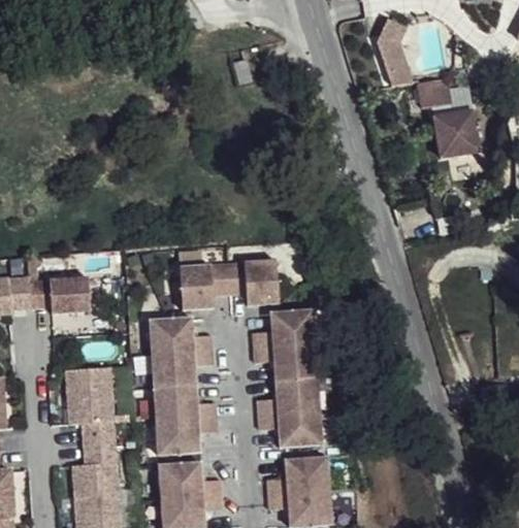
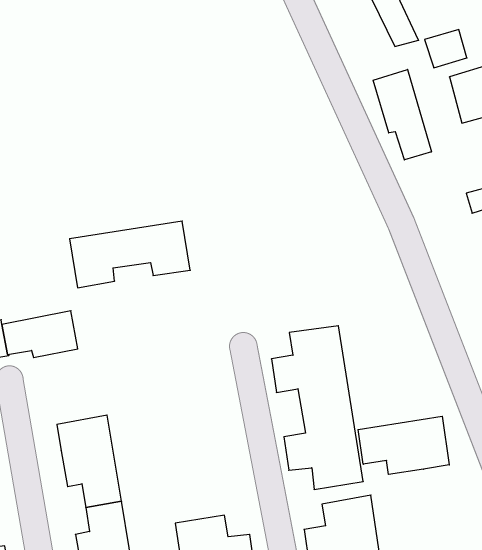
building: none -> [373,69,431,160]
building: [182,263,281,309] -> [70,221,190,288]
building: [151,318,218,454] -> none
building: none -> [358,416,449,474]

